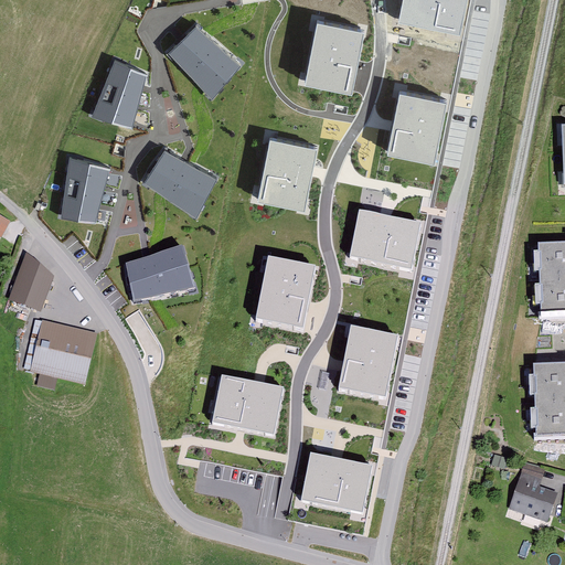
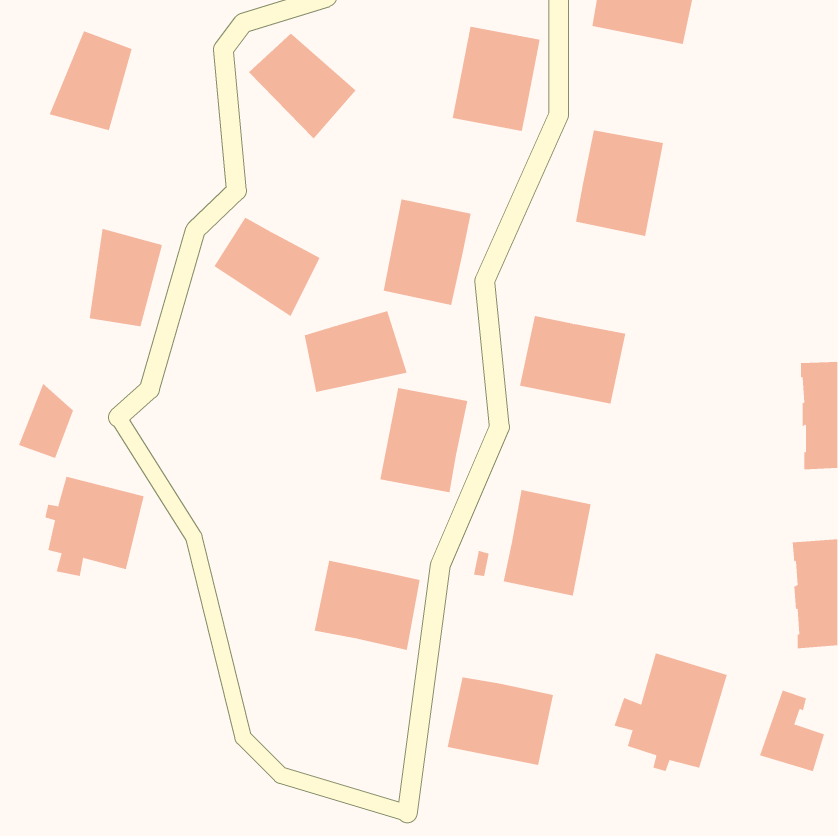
building: [90,57,147,125] -> [49,31,133,131]
building: [125,247,194,302] -> [304,311,407,393]
building: none -> [614,653,728,772]

